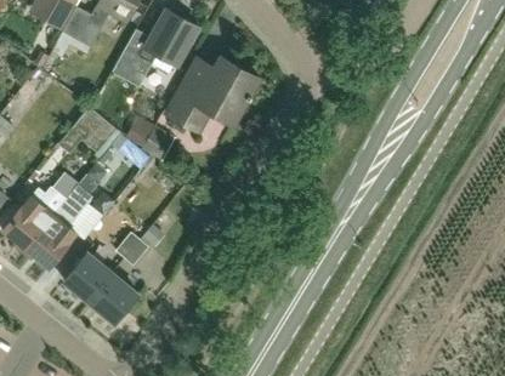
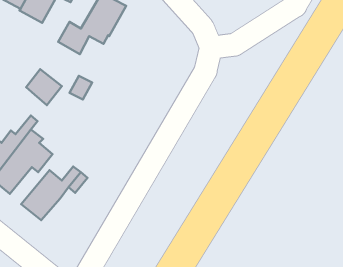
building: [165,56,260,132] -> none
building: [89,273,138,323] -> none

